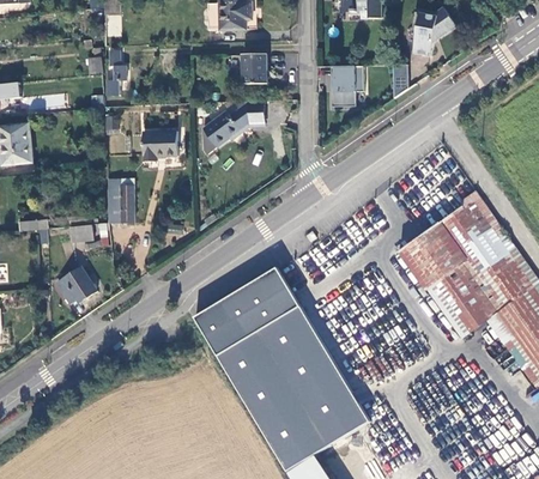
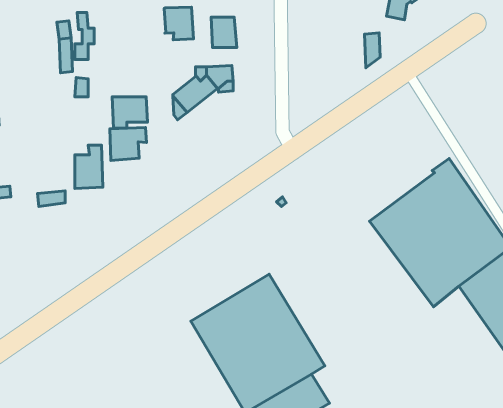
building: none -> [164,7,193,40]
building: [334,65,367,107] -> none
building: none -> [110,128,147,160]
building: [195,266,303,354] -> none
building: [57,267,96,303] -> none

